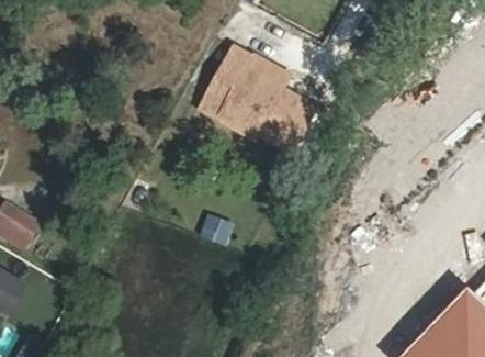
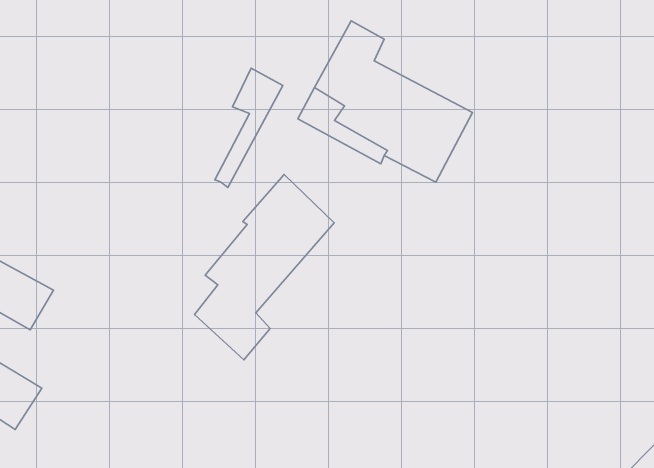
building: none -> [215,68,283,187]
building: none -> [195,175,334,360]

